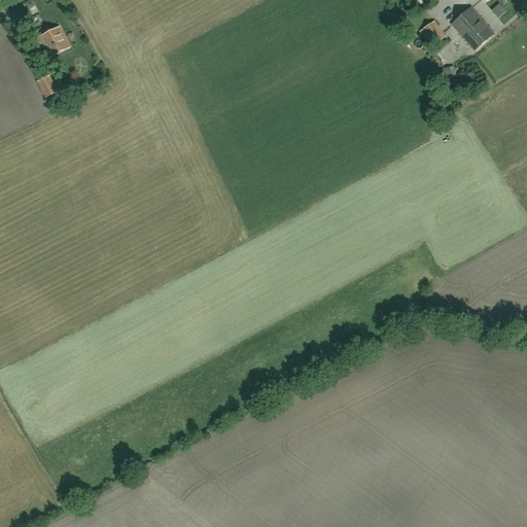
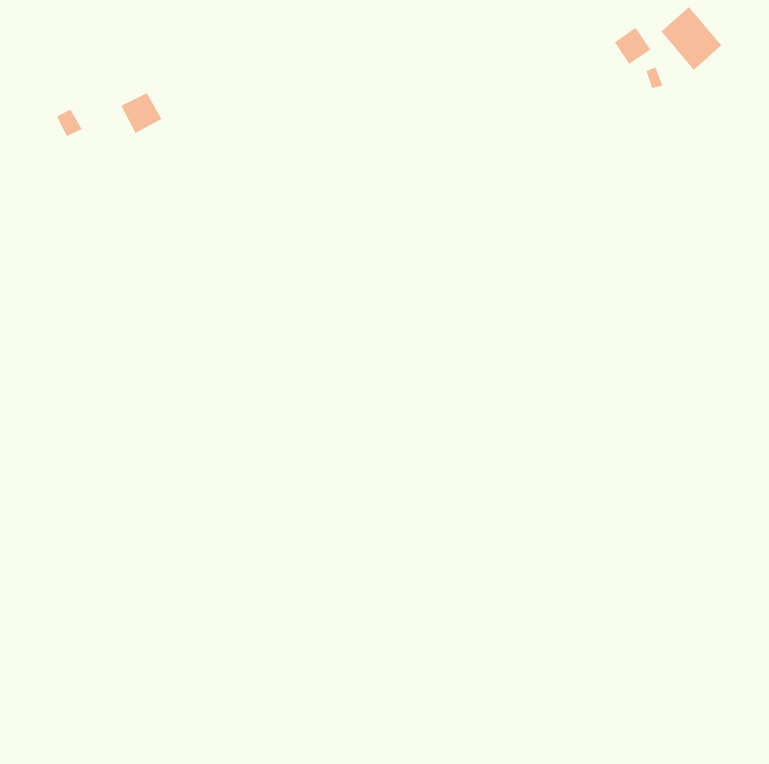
building: [39,26,68,55] -> [120,92,162,134]

